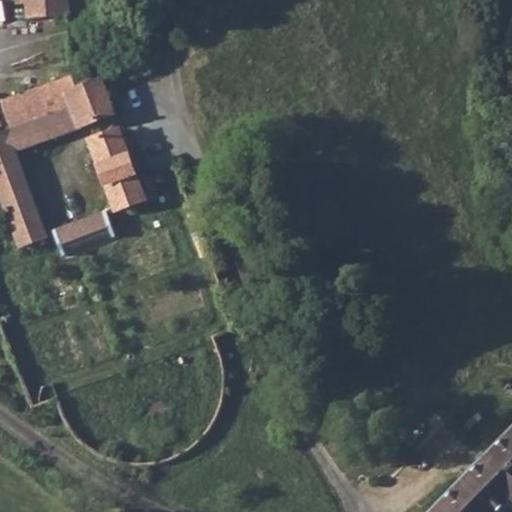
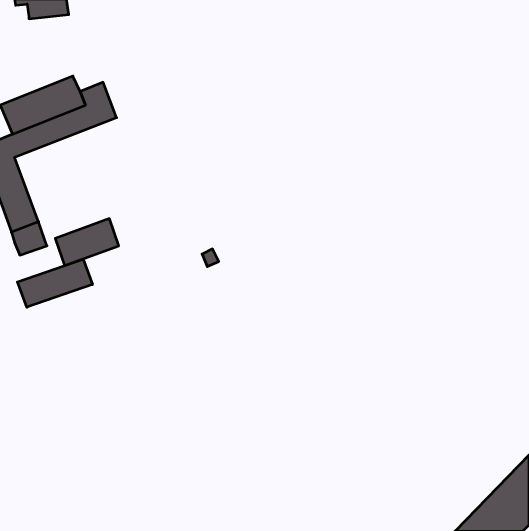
building: [90,129,145,210] -> none
building: none -> [17,259,92,307]

